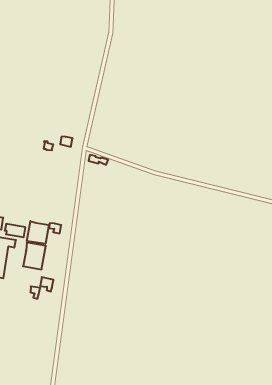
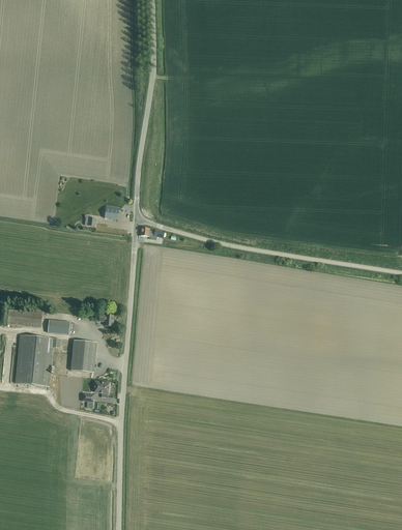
building: [27,221,49,244] -> none

